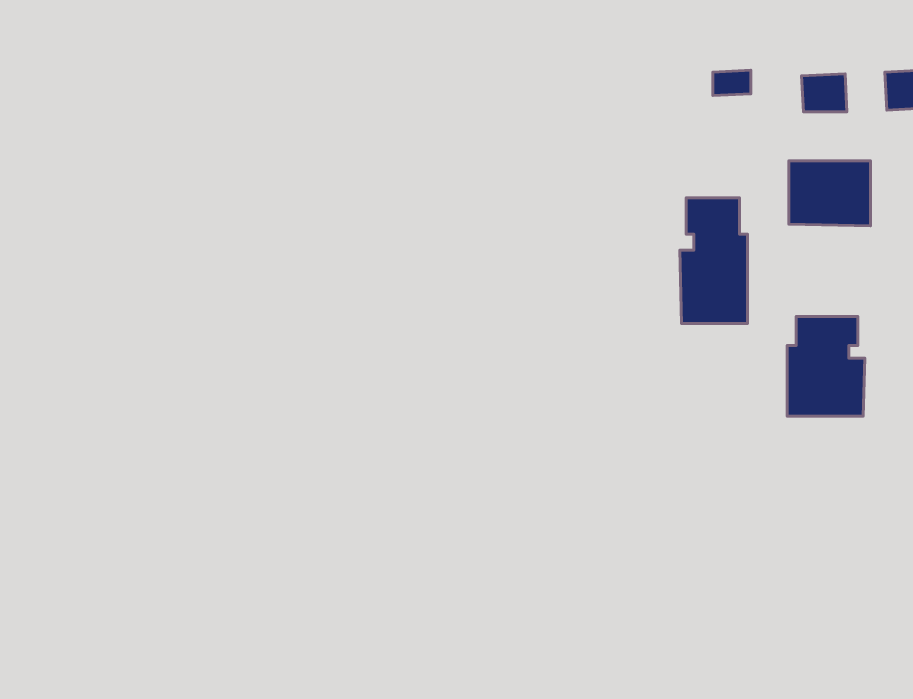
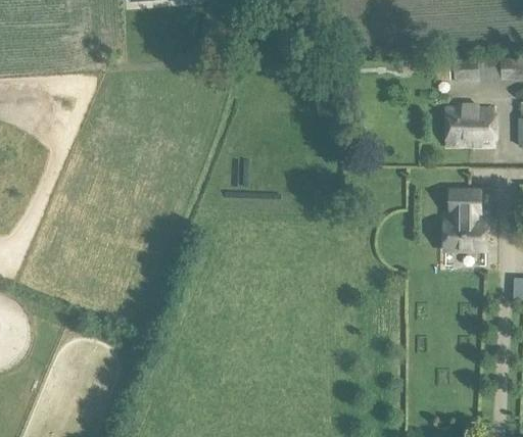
building: [680,198,747,323] -> none

